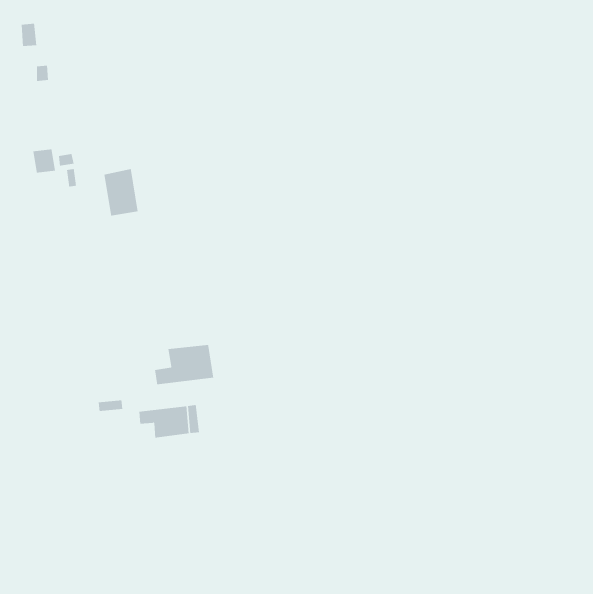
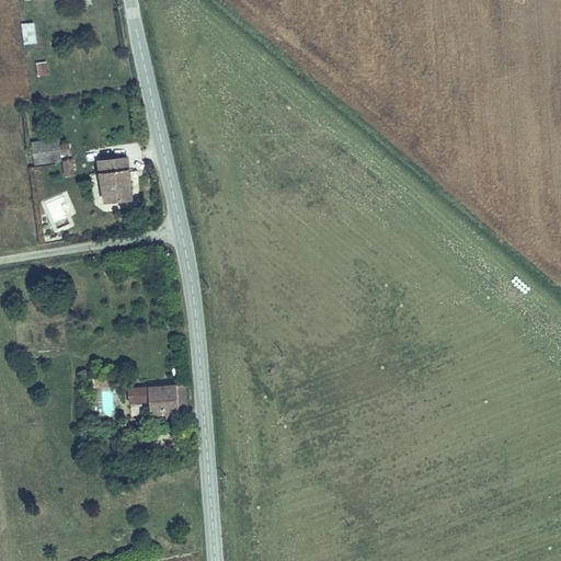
building: [155,344,214,385] -> none

